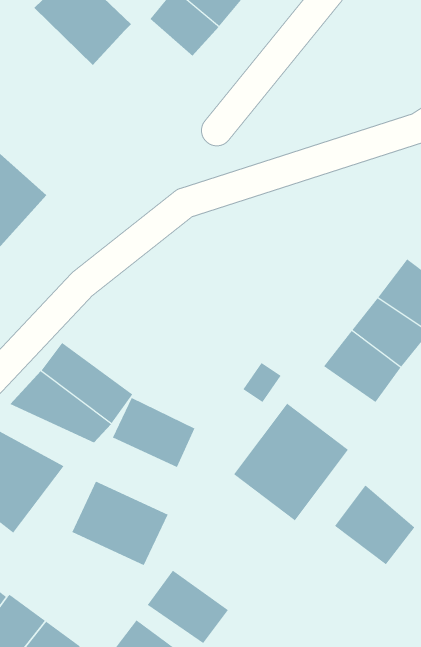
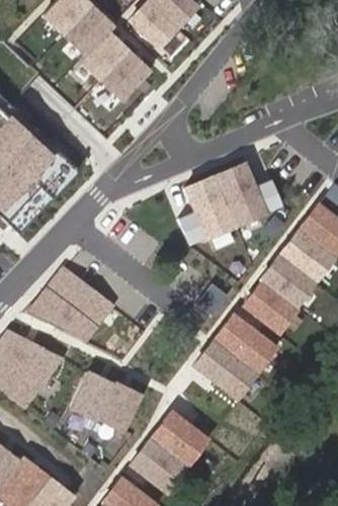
building: none -> [81,32,151,101]
building: none -> [181,158,269,241]
building: none -> [241,284,299,337]
building: [112,397,195,468] -> none
building: [334,485,415,565] -> none
building: none -> [146,408,210,468]

